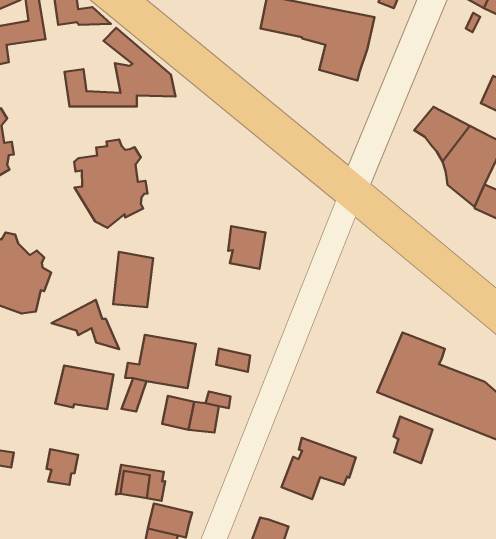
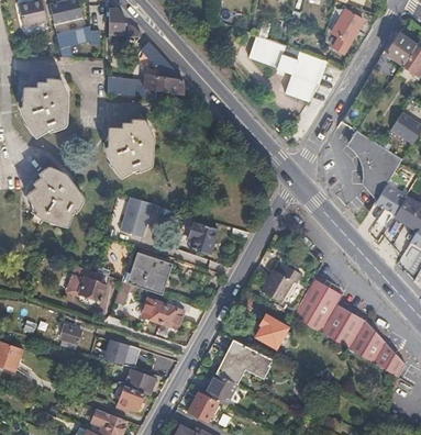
building: [228,226,266,269] -> [189,222,217,254]
building: [52,300,119,349] -> none
building: none -> [262,264,300,302]
building: [393,416,432,463] -> [258,311,287,345]
building: none -> [206,372,237,404]

